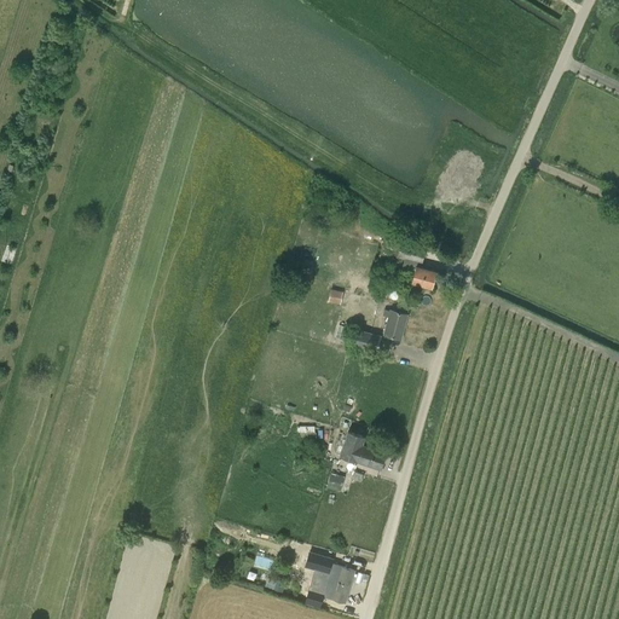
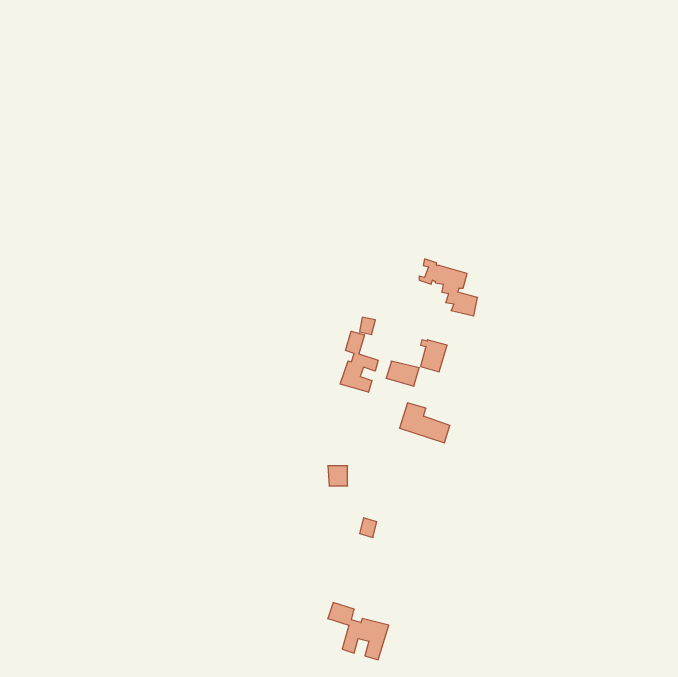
building: none -> [340,331,378,392]
building: [340,433,386,469] -> [399,403,450,443]

